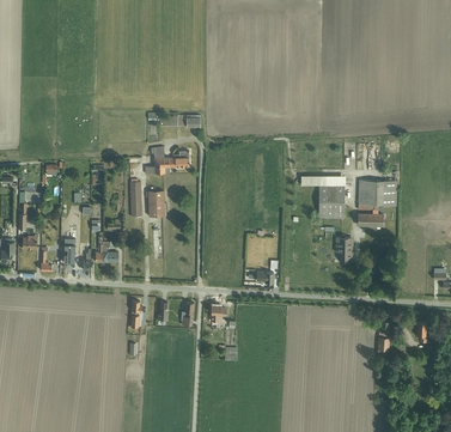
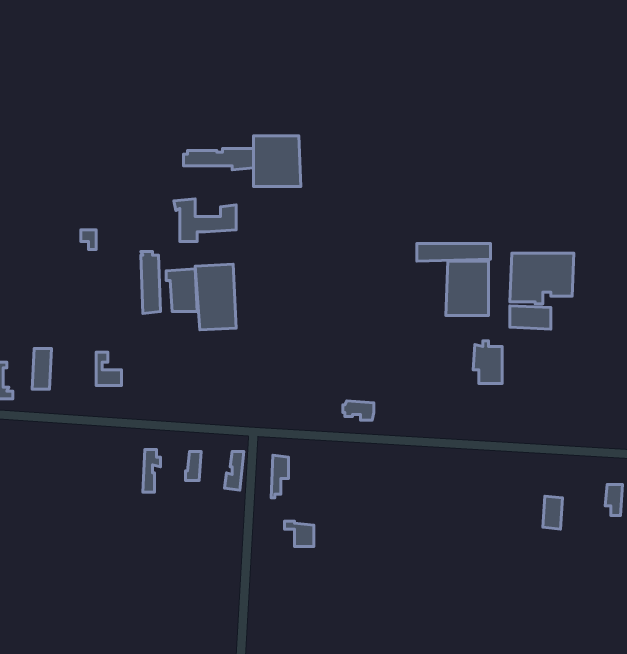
building: none -> [254,136,301,186]
building: none -> [195,264,236,330]

